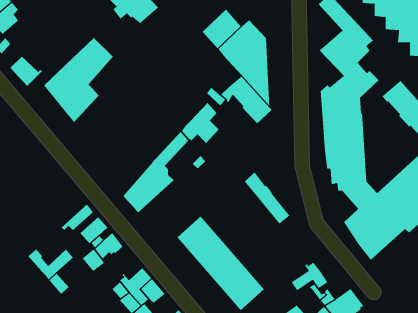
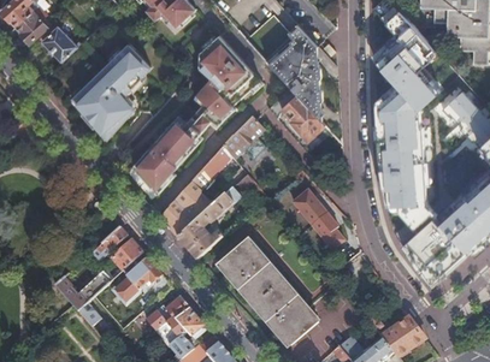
building: none -> [131,35,262,195]
building: [10,56,43,87] -> [43,24,79,58]
building: none -> [176,186,238,259]
building: [291,262,328,291] -> none

